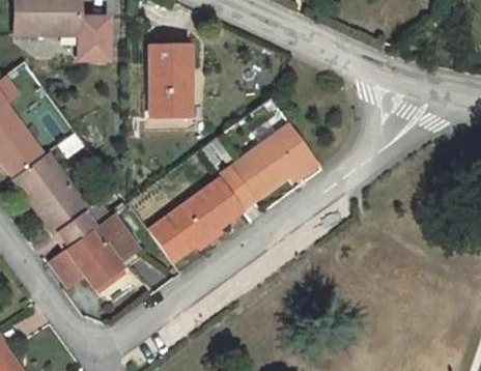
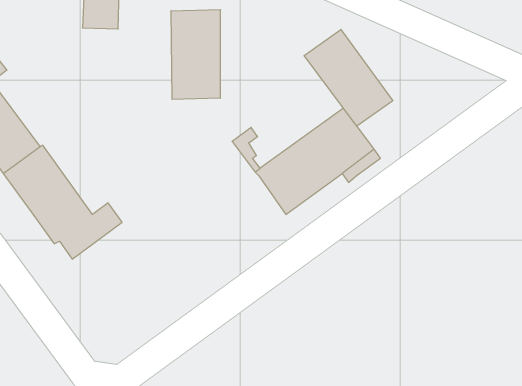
building: none -> [304,29,393,126]
building: [149,178,243,261] -> none
building: [49,215,136,290] -> none

